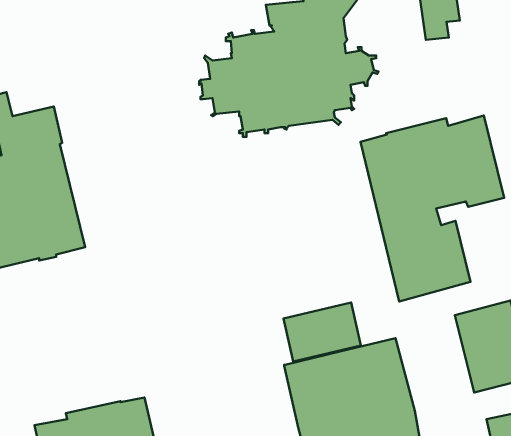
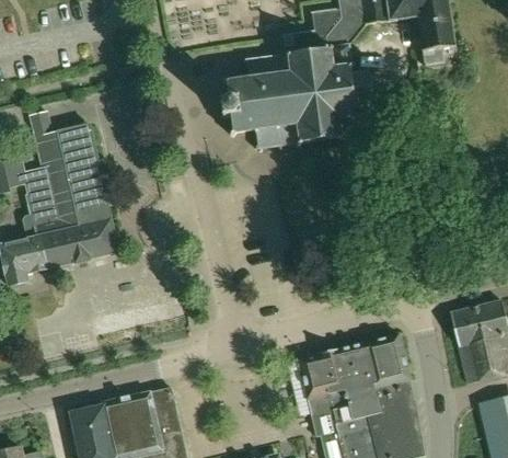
building: [361,115,504,301] -> none
building: [283,302,361,362] -> none

